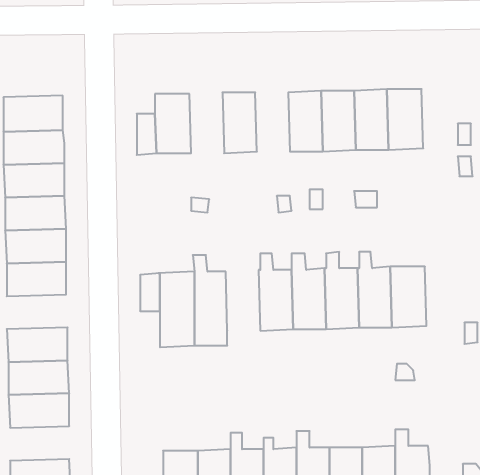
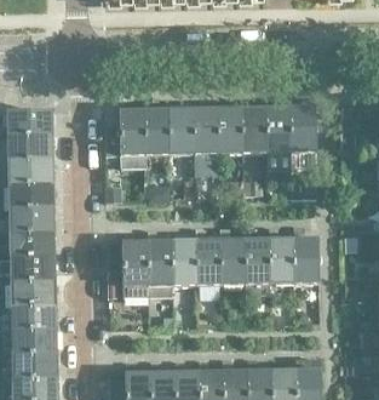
building: none -> [143,108,168,153]
building: none -> [191,108,217,152]
building: none -> [170,239,195,284]
building: none -> [8,257,53,282]
building: none -> [11,354,54,379]

